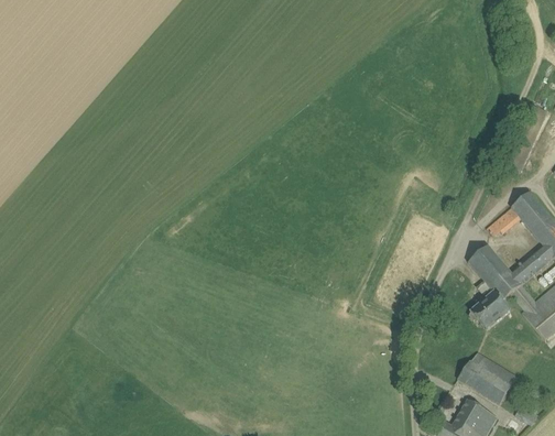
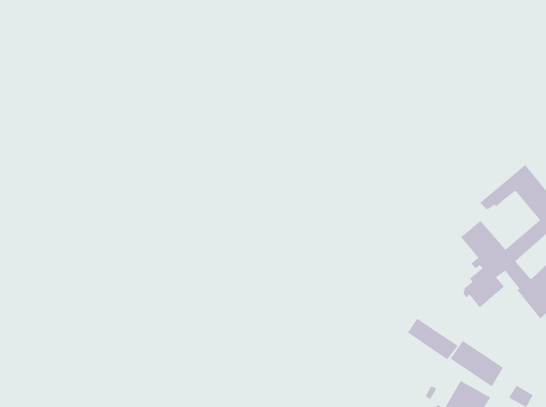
building: none -> [407,318,459,360]

